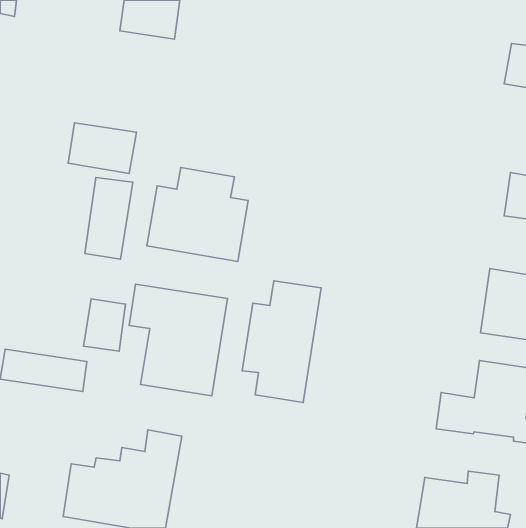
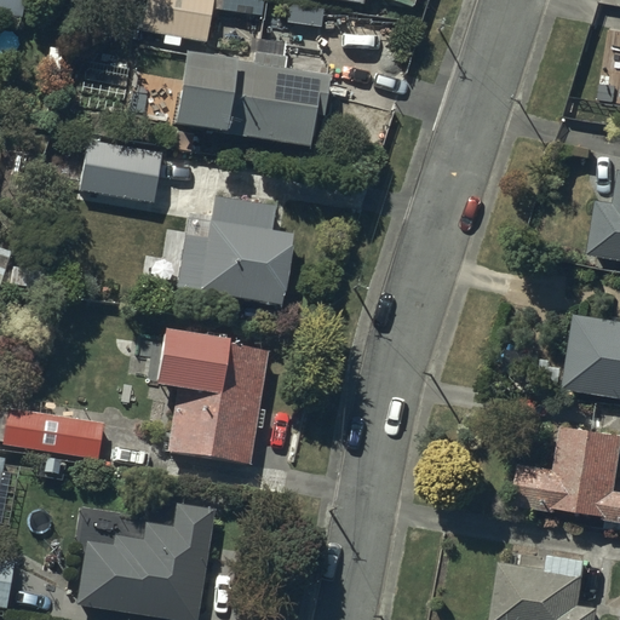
building: none -> [172,50,331,145]
building: [85,178,133,259] -> none
building: [242,281,321,402] -> none
building: [84,299,126,351] -> none

